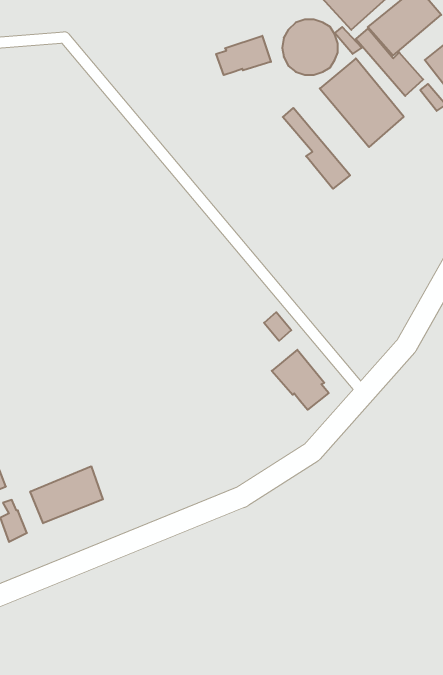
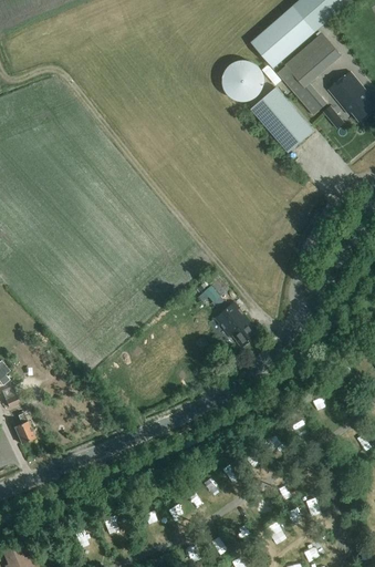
building: [216,36,271,75] -> none
building: [283,108,350,189] -> none
building: [30,466,103,523] -> none

